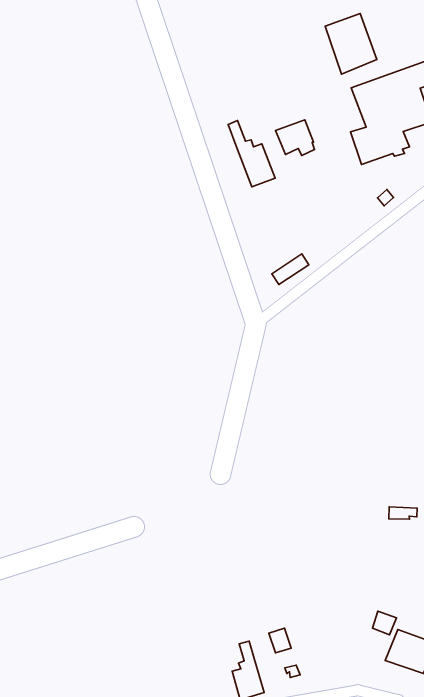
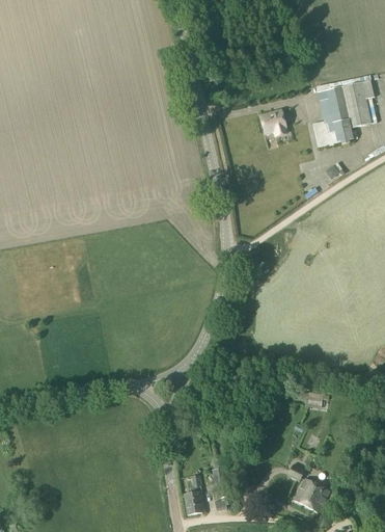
building: [325,13,377,74] -> none
building: [228,120,275,187] -> none

